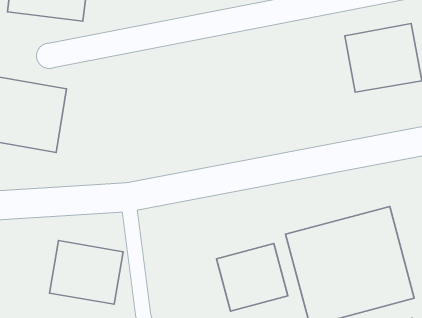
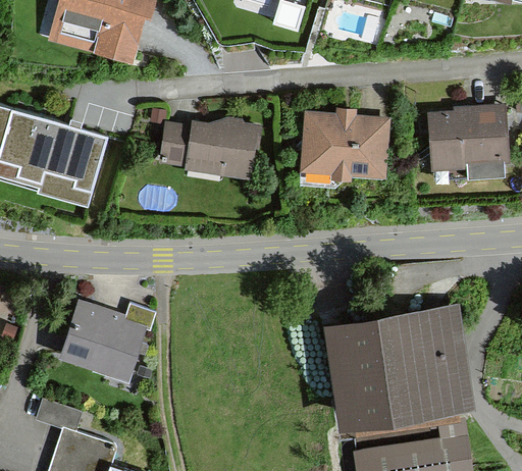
building: none -> [306,114,387,184]
building: none -> [162,118,255,174]
building: [216,244,288,311] -> none

